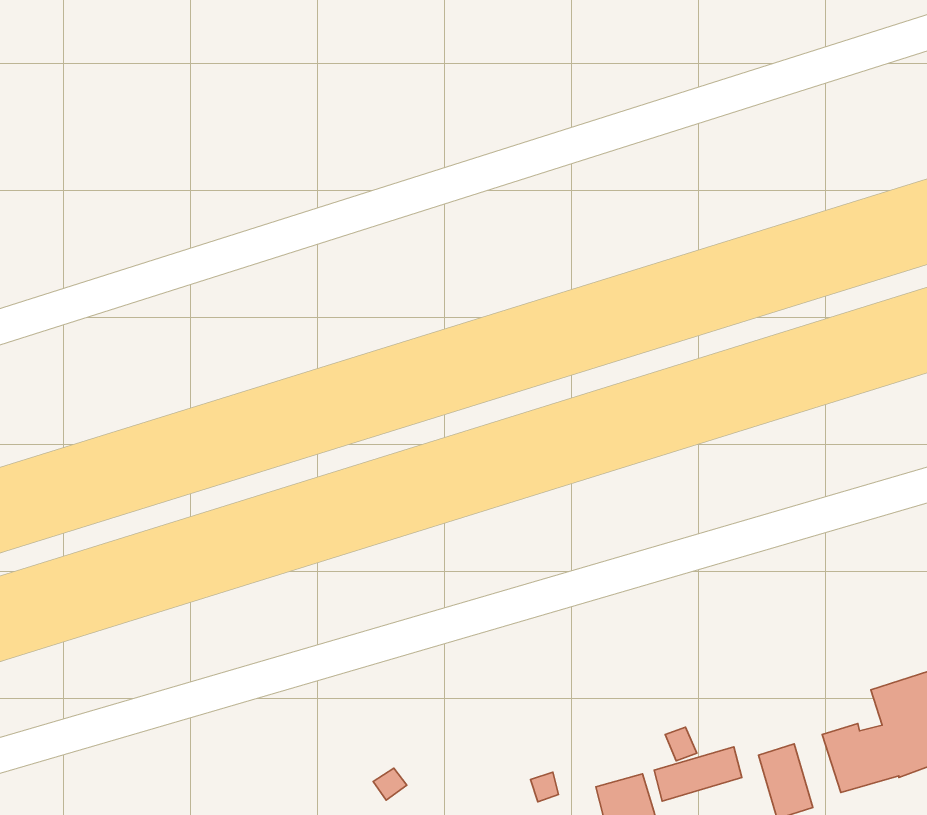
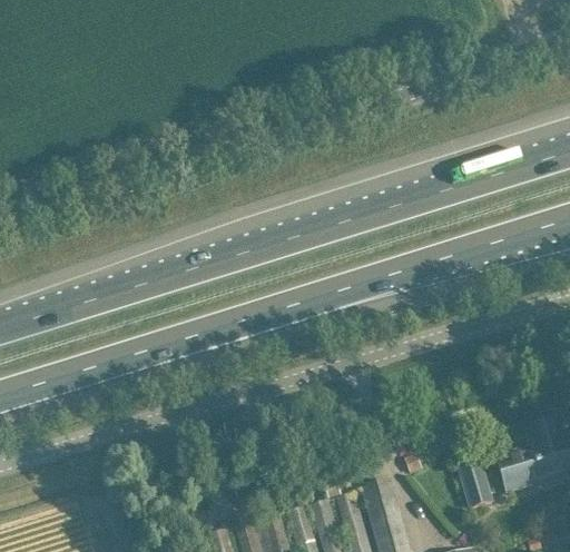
building: [654,747,742,801] -> none

